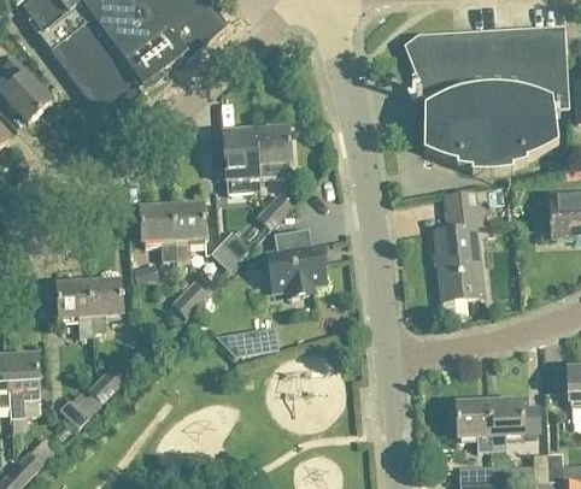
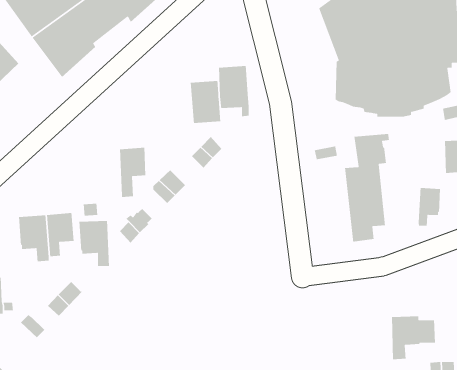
building: [223,129,259,189] -> [218,65,250,117]
building: [140,206,176,260] -> [79,220,110,267]
building: [266,229,328,290] -> none
building: none -> [418,187,441,227]
building: [217,328,263,354] -> none
building: [456,400,489,450] -> none

